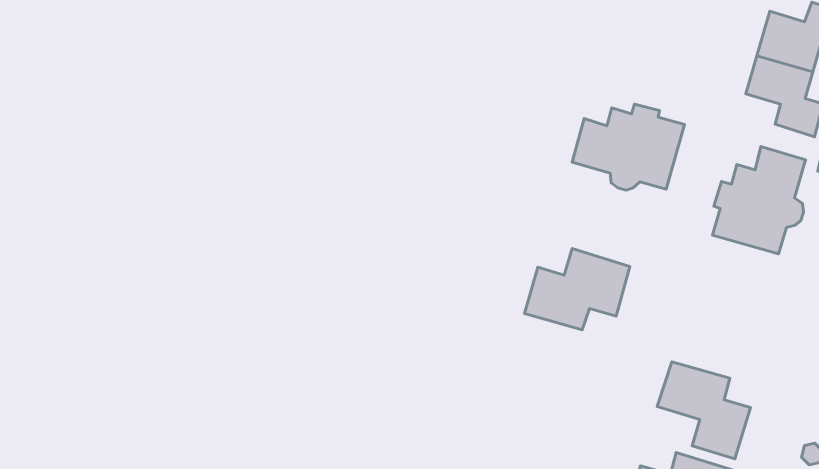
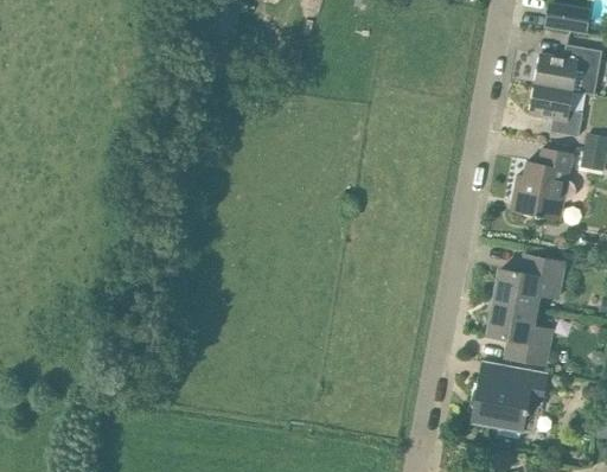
building: [572,104,685,190] -> none
building: [524,249,630,330] -> [496,255,566,311]

